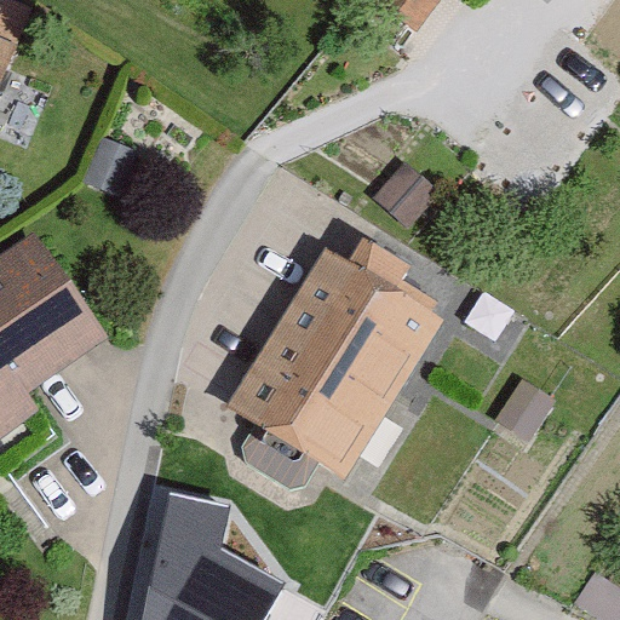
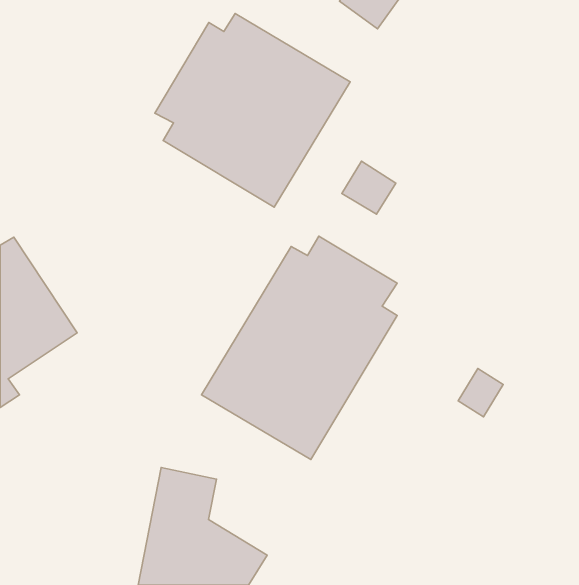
building: none -> [155,13,350,207]

